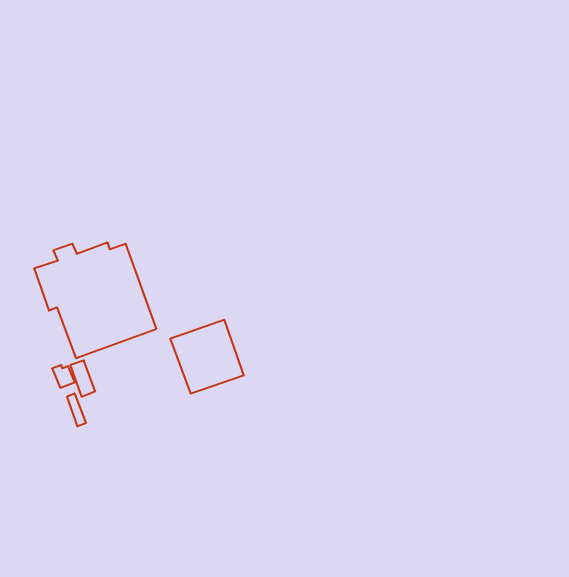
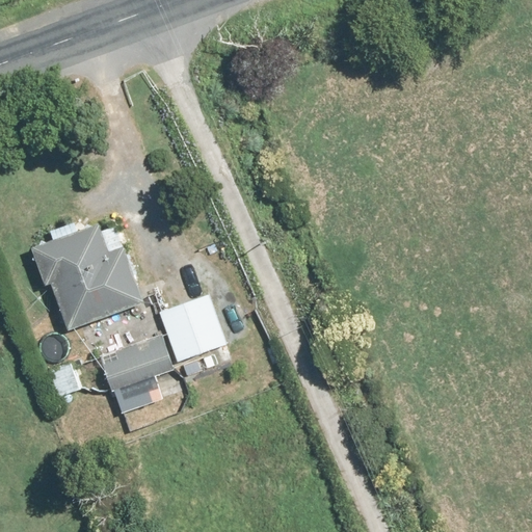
building: none -> [98,335,174,393]

